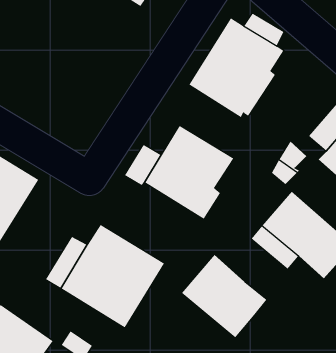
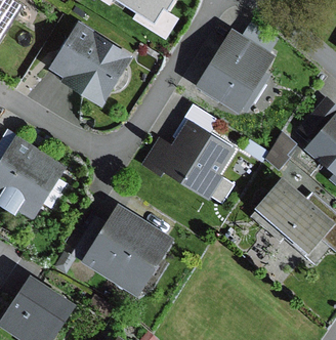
building: none -> [49,22,133,107]
building: [181,254,267,338] -> none

